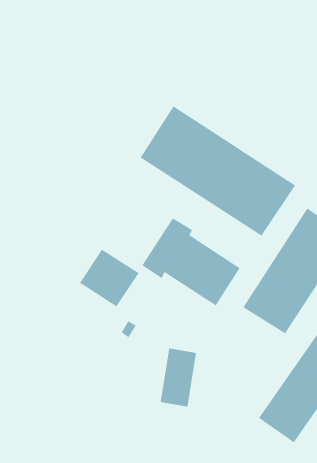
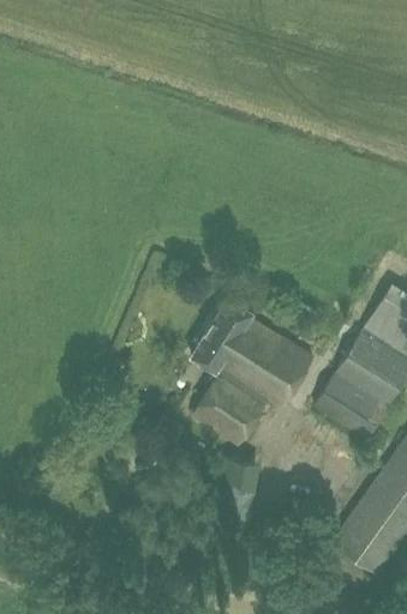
building: [140,105,296,237] -> none
building: [79,249,139,307] -> [192,373,267,445]

